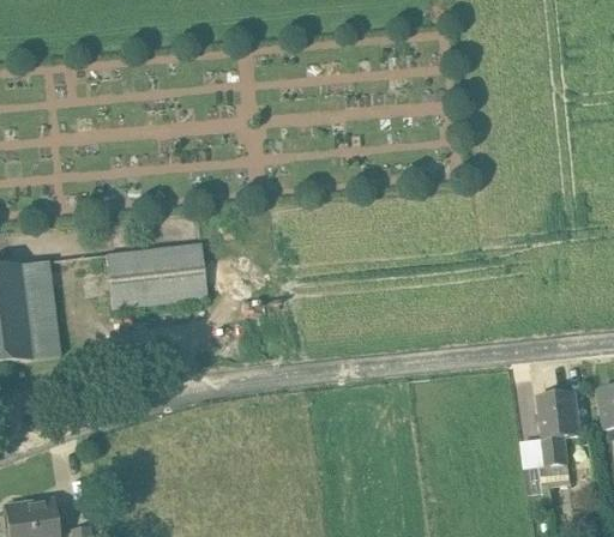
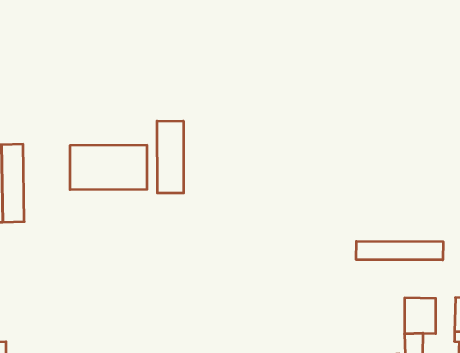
building: none -> [157,121,184,193]
building: none -> [356,241,443,260]

